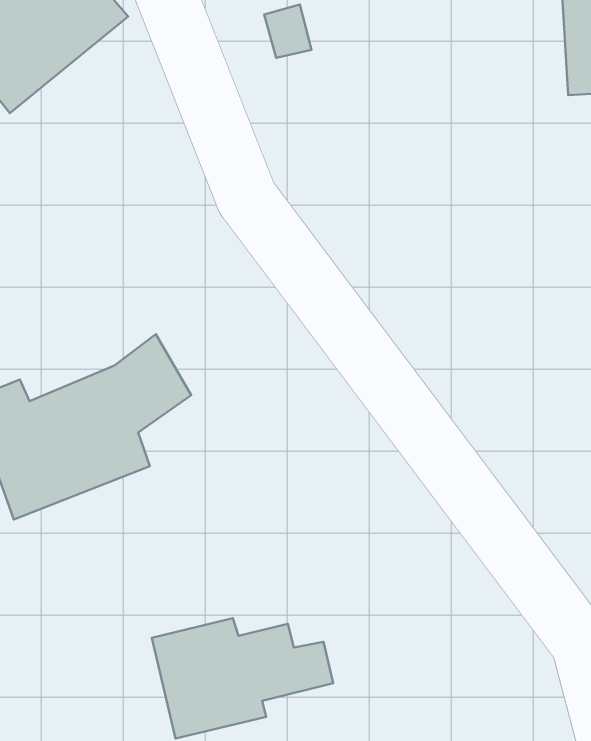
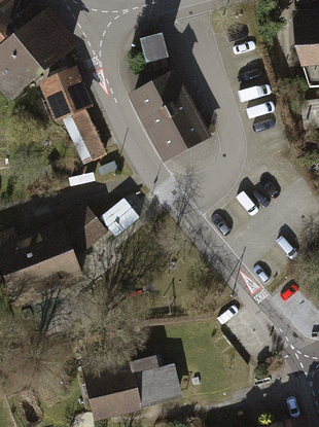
building: none -> [41,70,104,164]
building: none -> [134,75,207,157]

